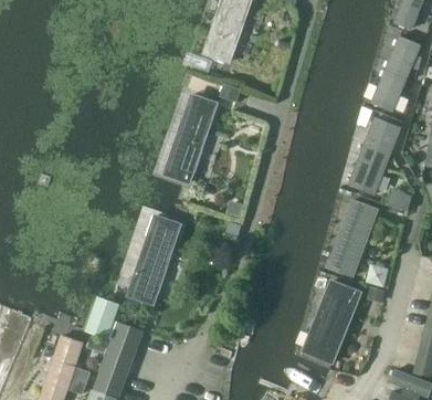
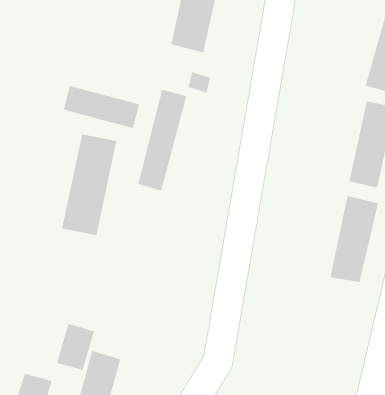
building: none -> [63,85,140,129]
building: [126,214,181,305] -> [61,134,117,236]
building: [295,282,361,370] -> none

